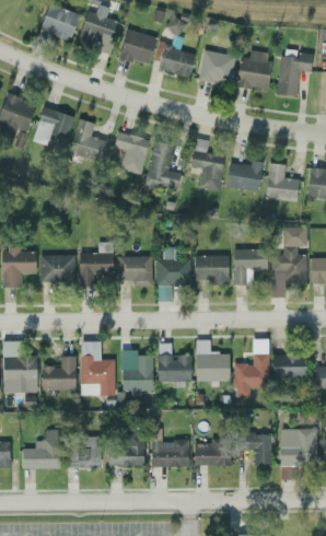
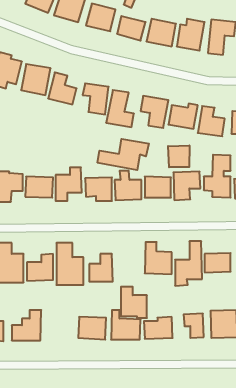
building: none -> [98,139,149,170]
building: none -> [168,145,189,167]
building: [158,343,191,384] -> [121,287,147,318]
building: [67,436,101,468] -> none

